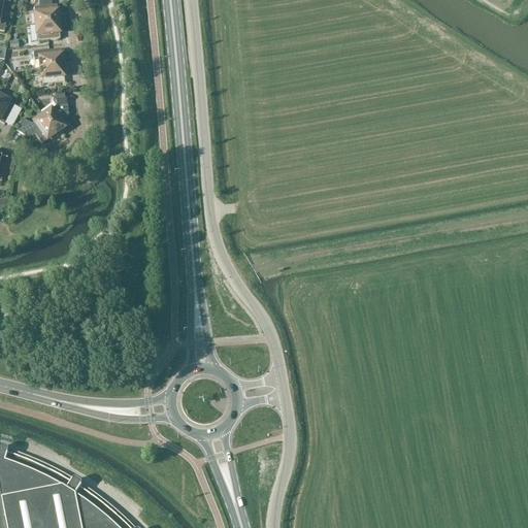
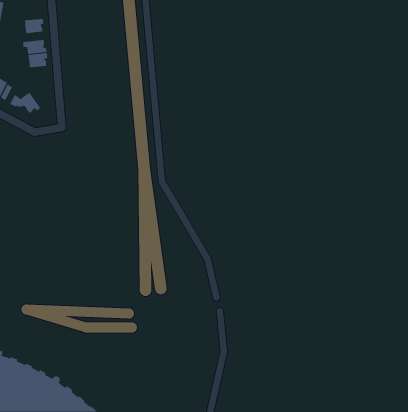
building: [29,7,56,26] -> none
building: [38,100,65,138] -> none

